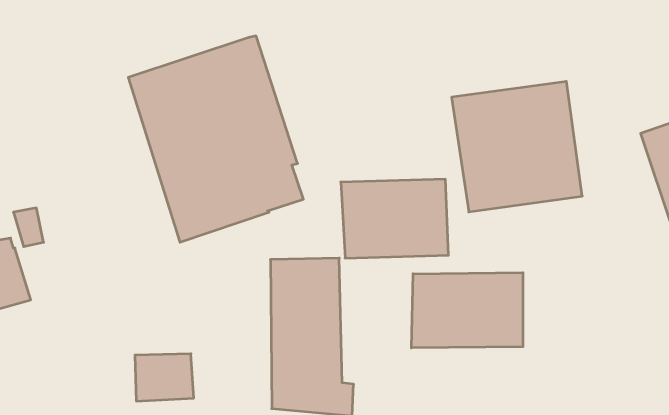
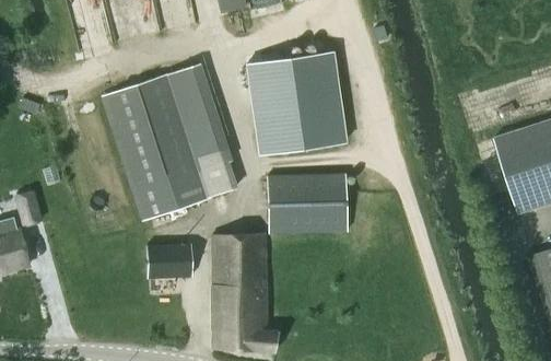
building: [452,81,582,212] -> [246,54,345,153]
building: [411,273,523,348] -> none
building: [135,354,194,401] -> [148,243,192,279]

